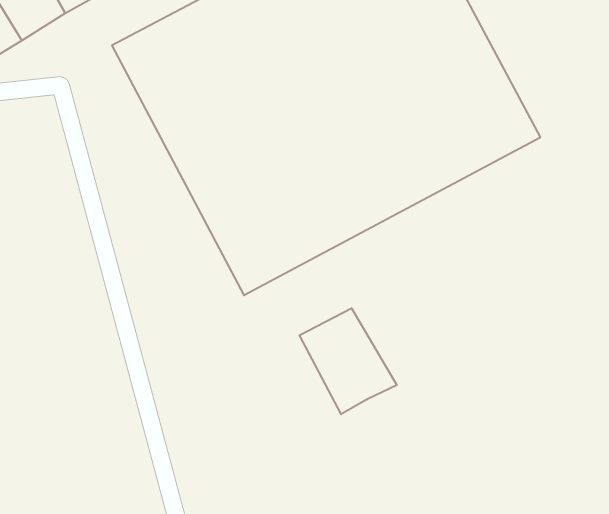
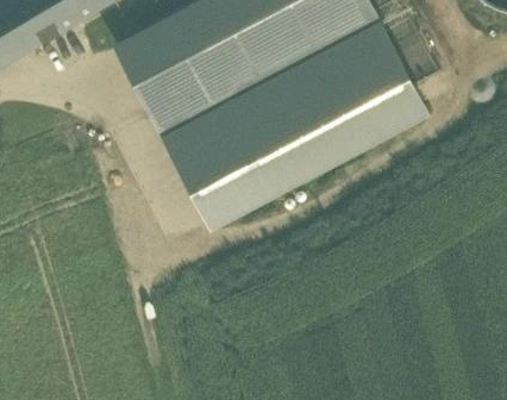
building: [299,308,397,414] -> none

